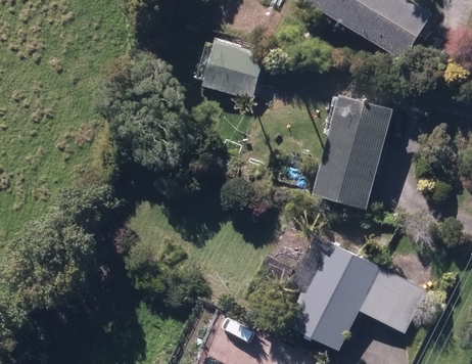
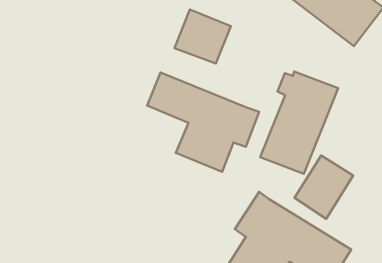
building: none -> [147,73,259,172]
building: none -> [295,155,353,219]

